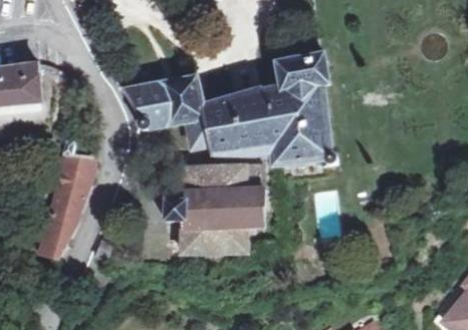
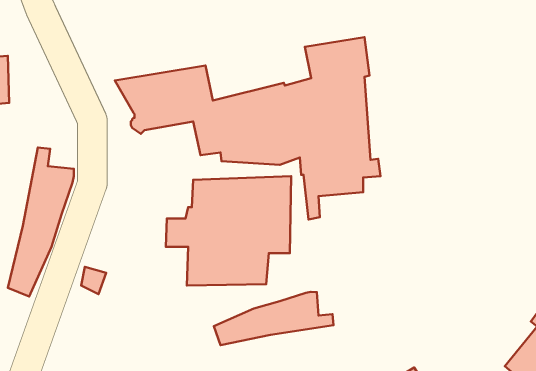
building: none -> [214,292,333,345]

